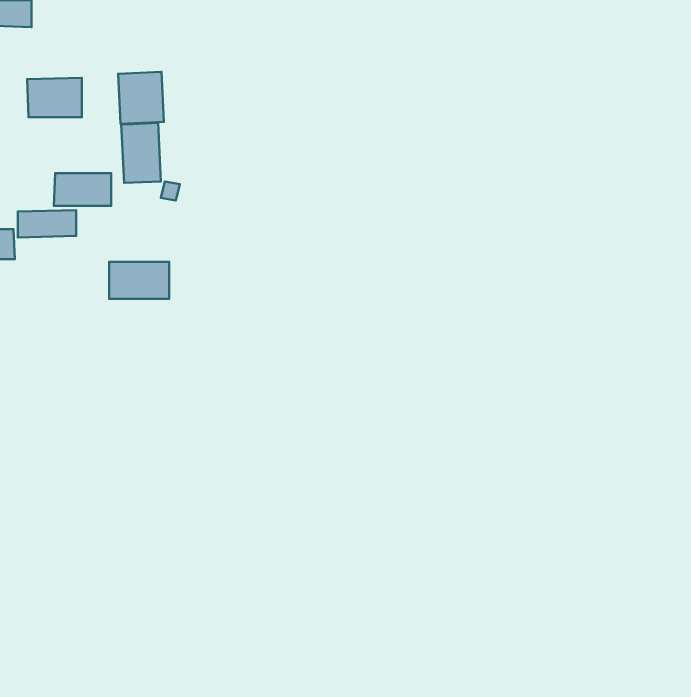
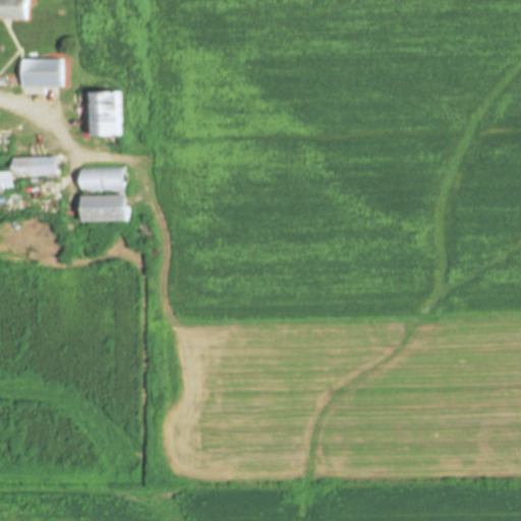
building: [118,72,164,124] -> none
building: [54,173,111,206] -> [78,167,121,191]

